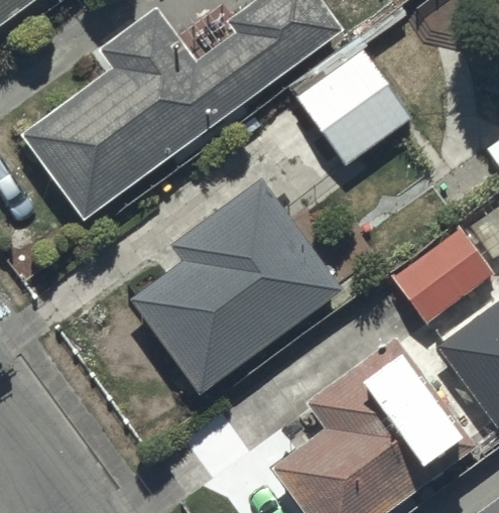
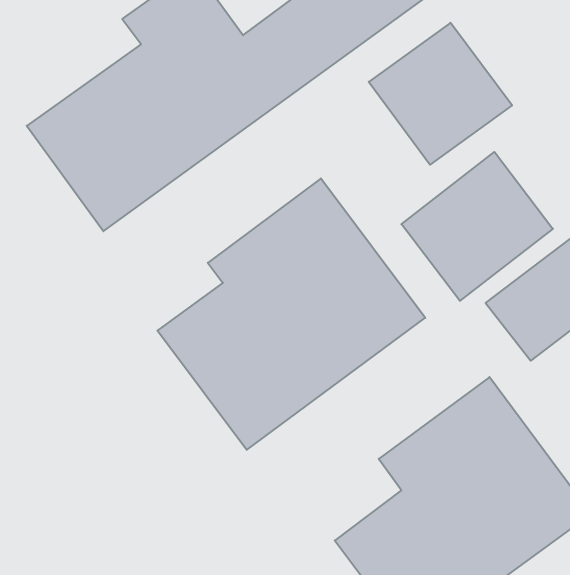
building: none -> [401,152,553,301]

